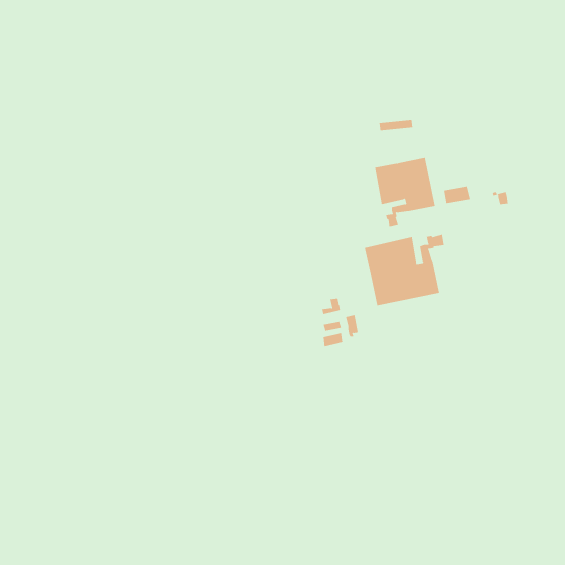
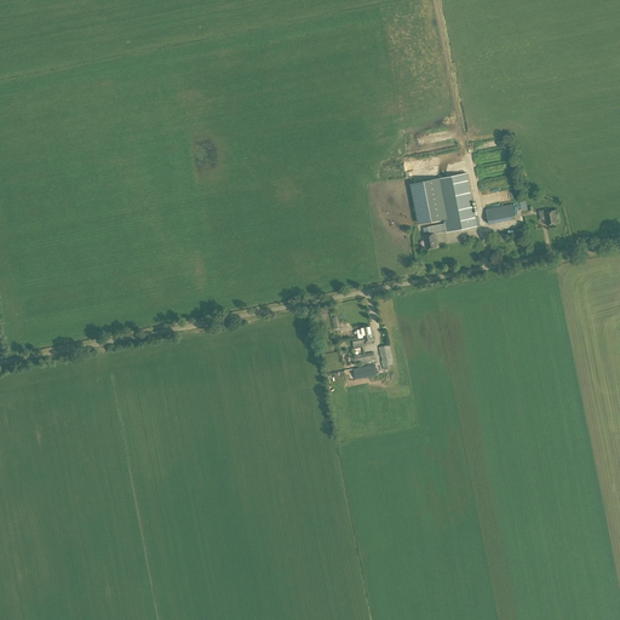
building: [365,234,444,306] -> none

